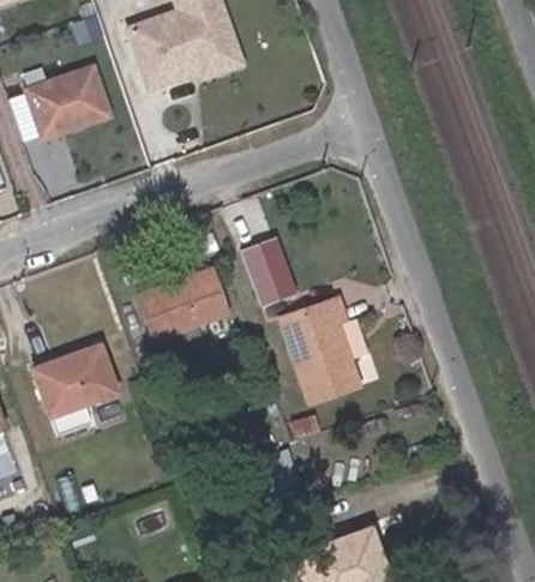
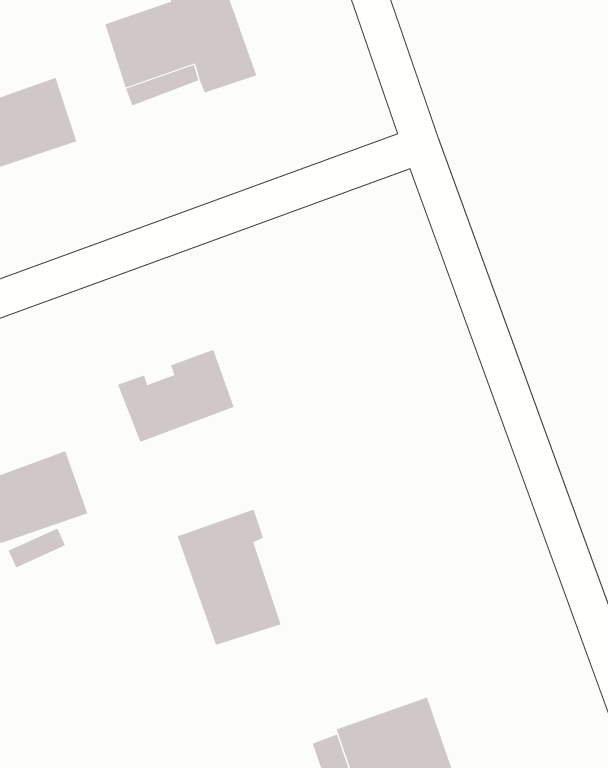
building: [244,232,301,302] -> none
building: [281,298,359,400] -> [177,509,281,646]

